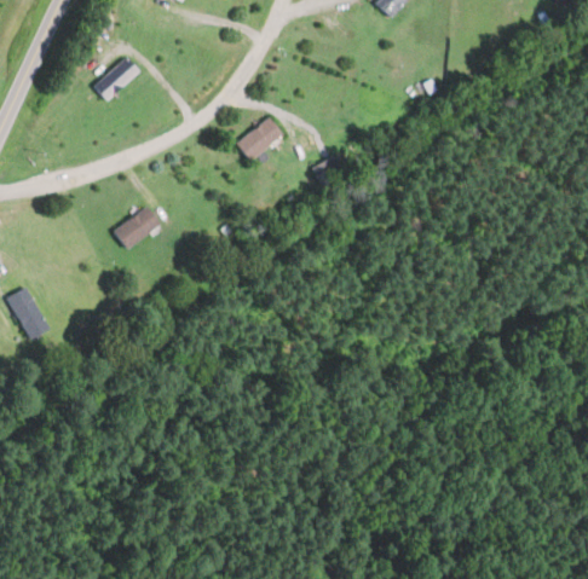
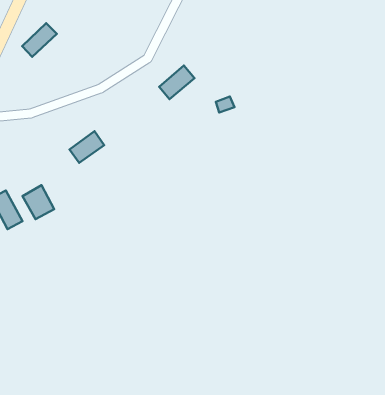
building: [94,56,142,102] -> [22,23,57,57]
building: none -> [23,185,54,219]

